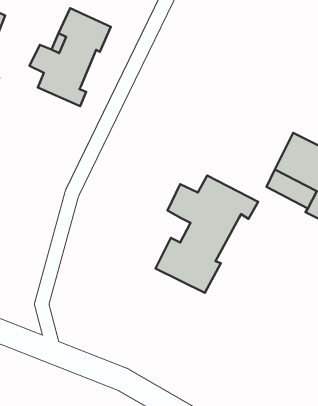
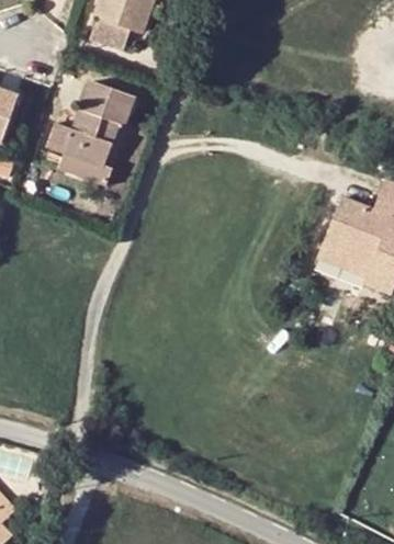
building: [156,176,258,293] -> none

